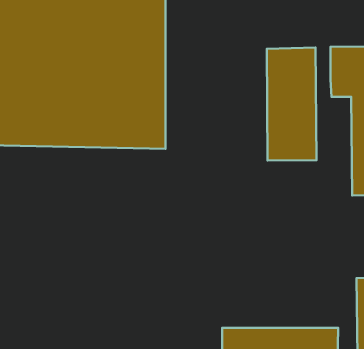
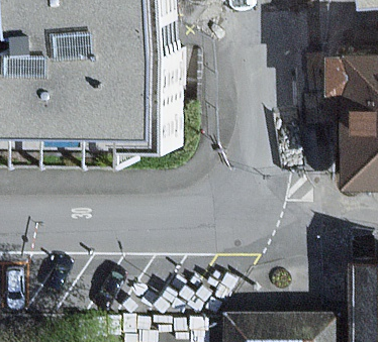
building: [267,47,316,160] -> none

